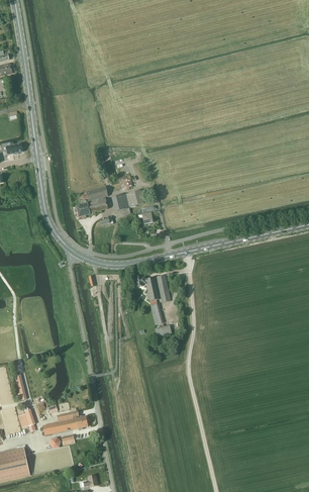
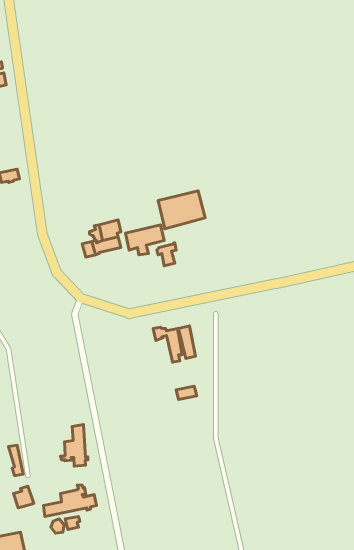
building: none -> [158,191,205,229]
building: none -> [60,425,88,466]

